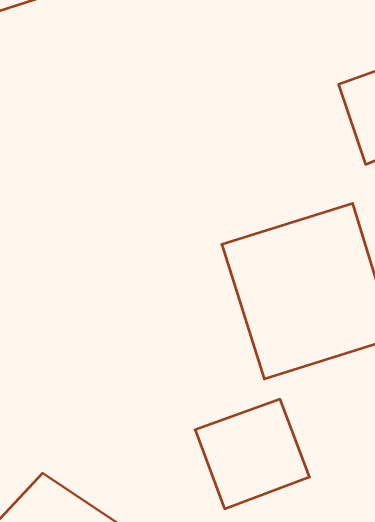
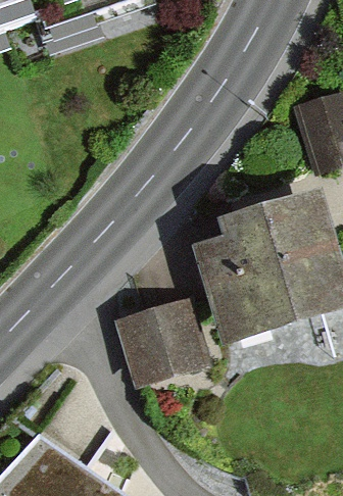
building: [195,399,310,509] -> [112,287,211,382]

